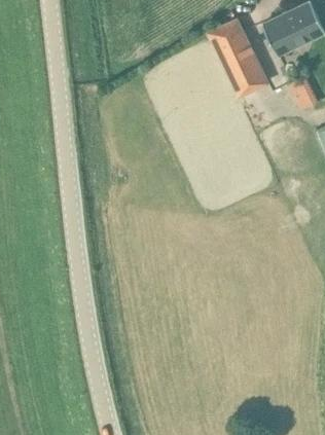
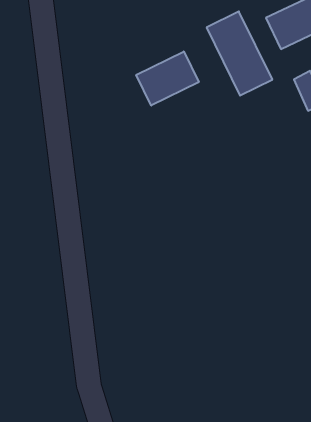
building: none -> [136,51,199,106]

